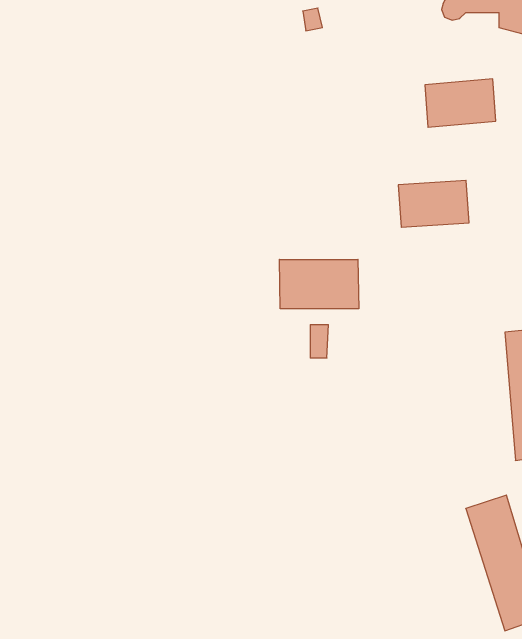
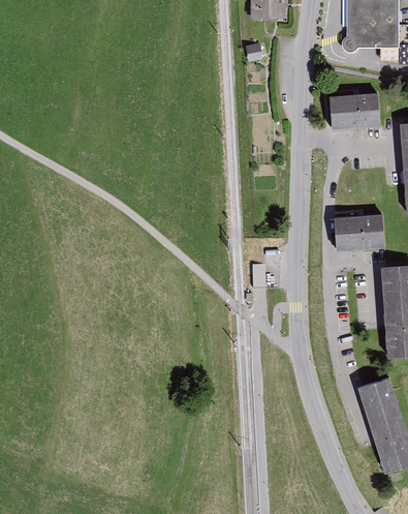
building: [398,180,469,227] -> [334,215,382,247]
building: [279,259,359,309] -> none

